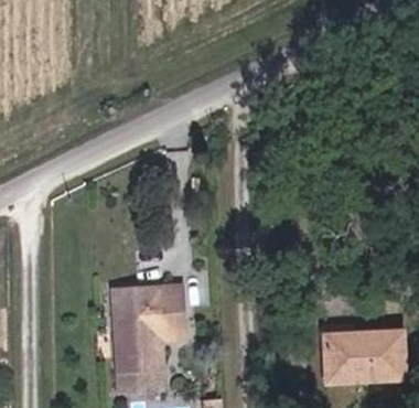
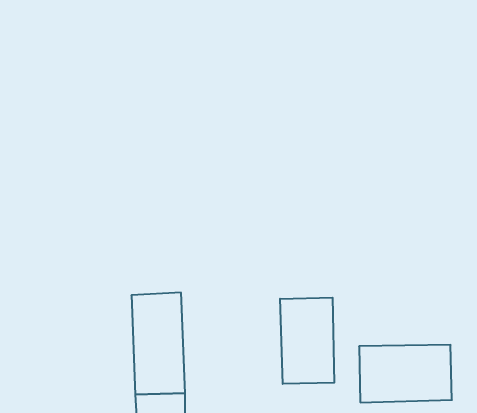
building: none -> [280,298,334,384]

